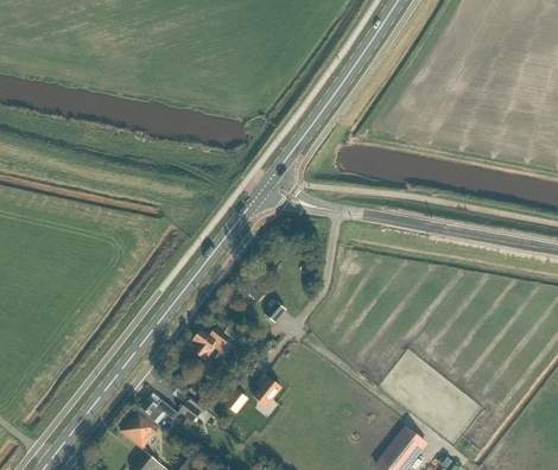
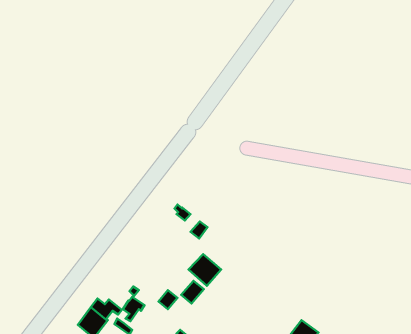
building: [191,326,228,361] -> none
building: none -> [189,254,221,286]

